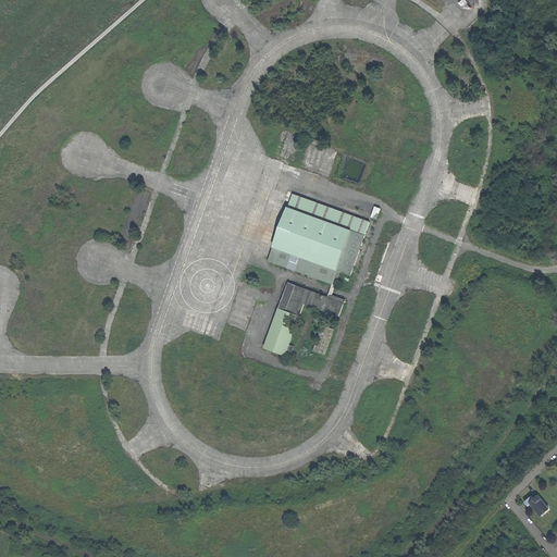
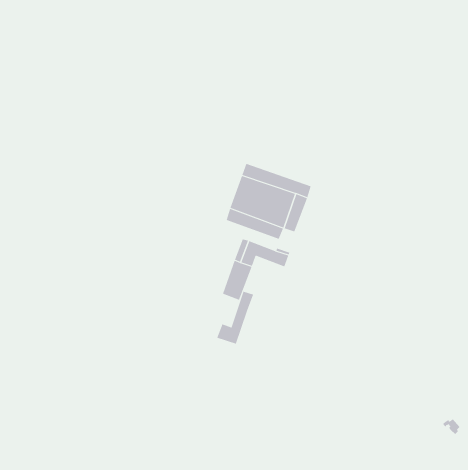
building: none -> [217,291,254,345]

